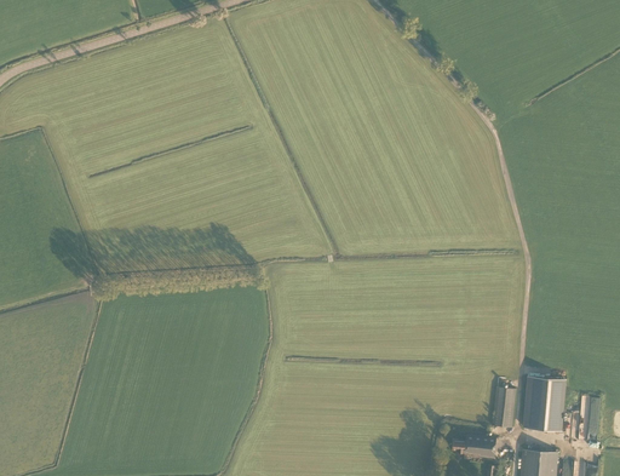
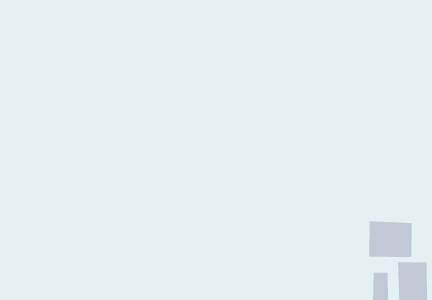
building: none -> [369,221,412,258]

